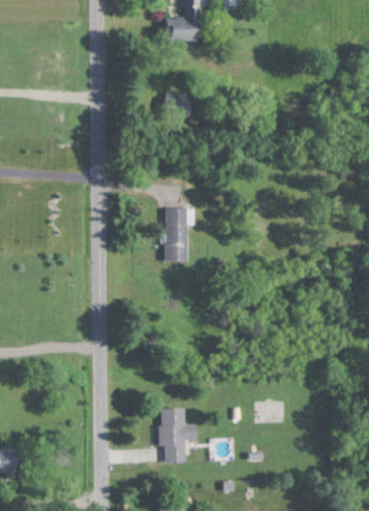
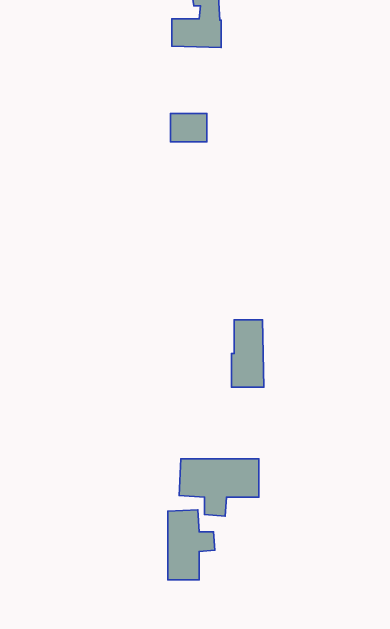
building: [164,208,190,262] -> [231,320,264,387]
building: none -> [179,459,259,516]

